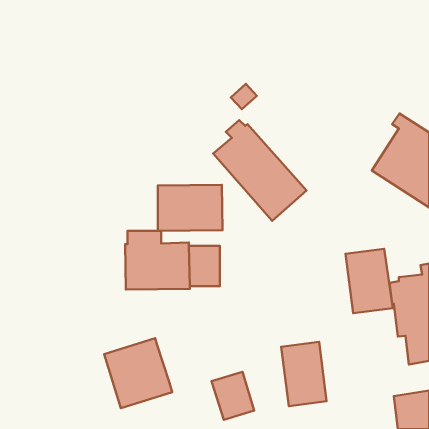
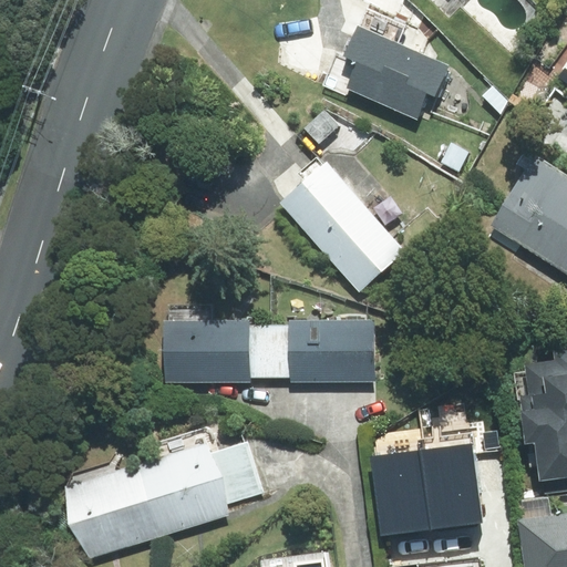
building: none -> [323,10,450,117]
building: [158,185,223,231] -> [290,320,375,381]
building: [346,249,393,313] -> [421,444,483,529]
building: none -> [68,467,159,559]
building: [211,372,254,420] -> [207,442,264,505]

